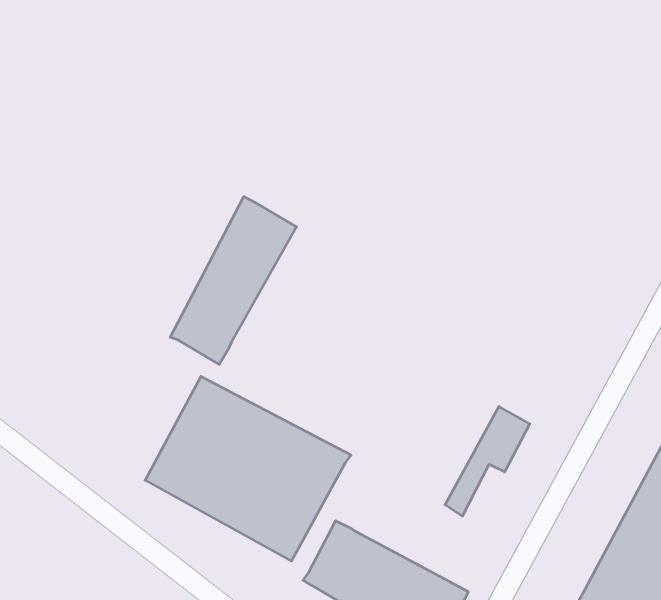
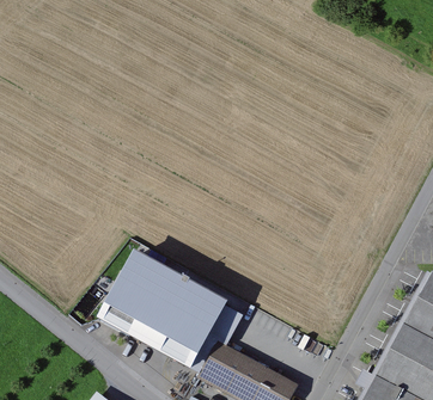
building: [170,197,297,364] -> none
building: [445,406,530,516] -> [189,301,242,369]

